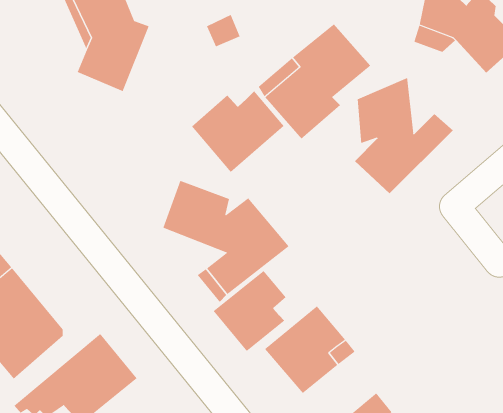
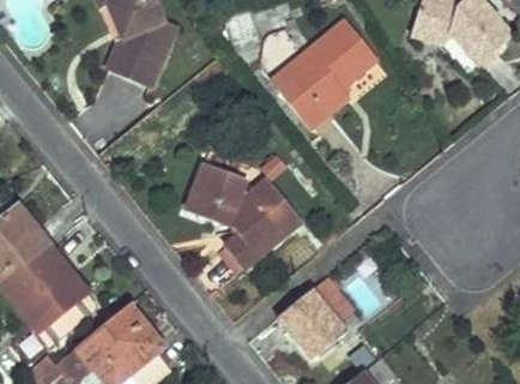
building: [354,77,454,194] -> none
building: [191,91,285,173] -> none
building: [213,270,286,352] -> none

